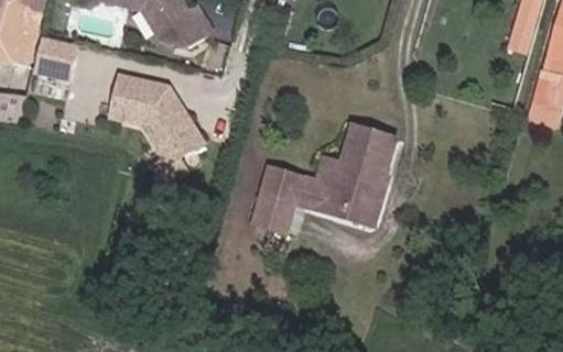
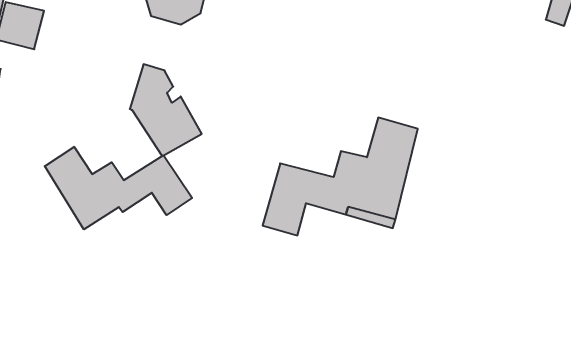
building: [111,73,151,121] -> none
building: none -> [45,147,192,229]

